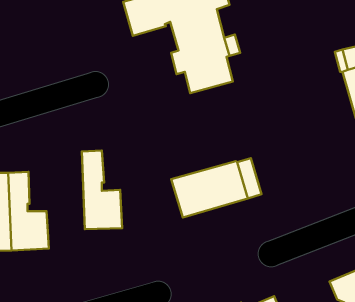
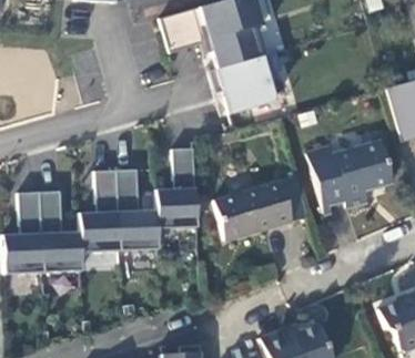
building: none -> [307,145,393,216]
building: none -> [156,151,199,232]
building: none -> [81,172,121,255]

